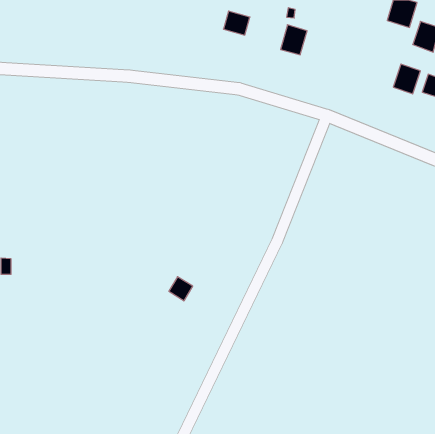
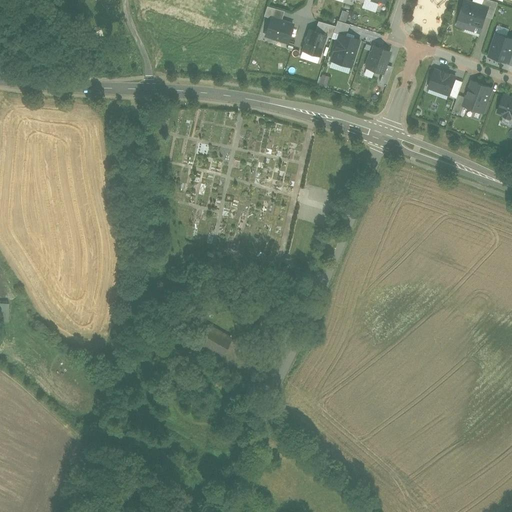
building: none -> [299,26,326,55]
building: none -> [363,42,392,75]
building: none -> [427,67,458,97]

